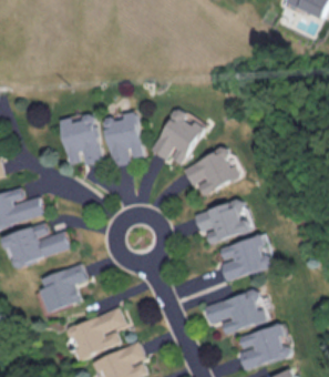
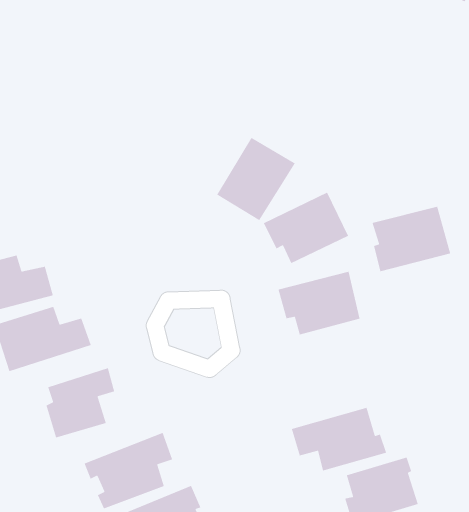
building: [104,111,144,166] -> none
building: [59,112,103,166] -> none
building: [219,235,273,279] -> [371,206,451,272]

